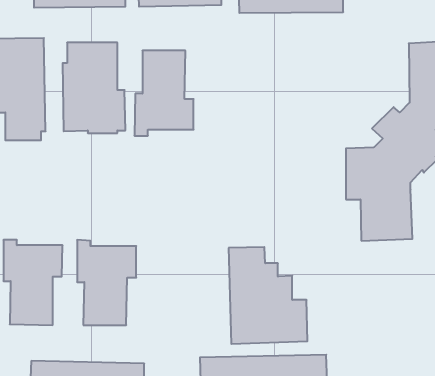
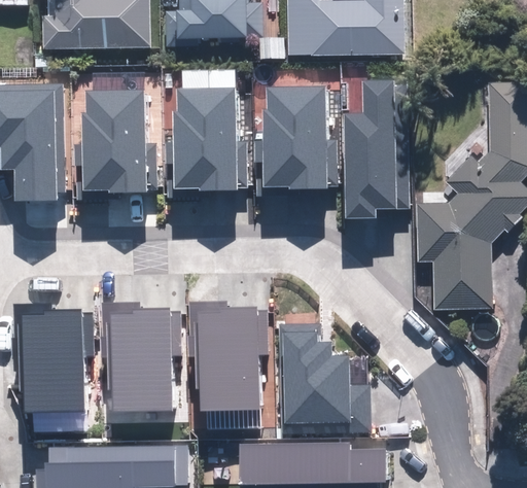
building: none -> [346,75,411,214]
building: none -> [258,96,326,193]
building: none -> [194,315,260,419]

